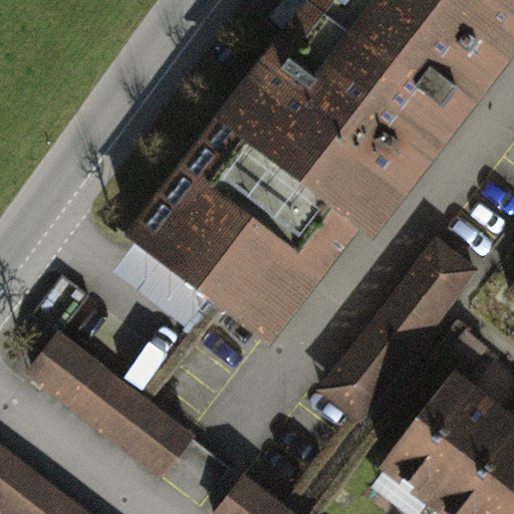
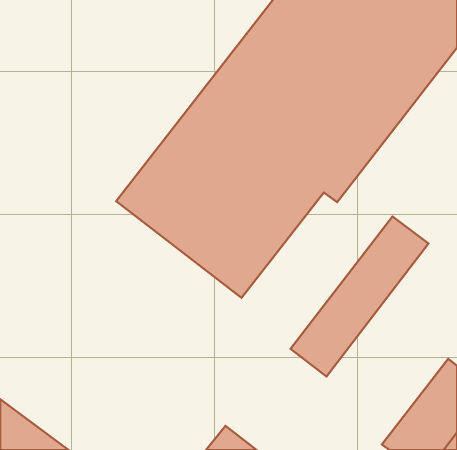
building: [31,342,202,486] -> none
building: [379,363,503,499] -> none

